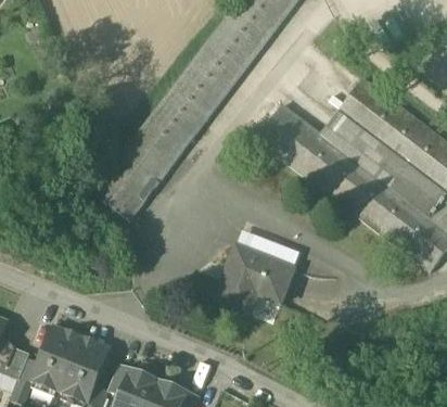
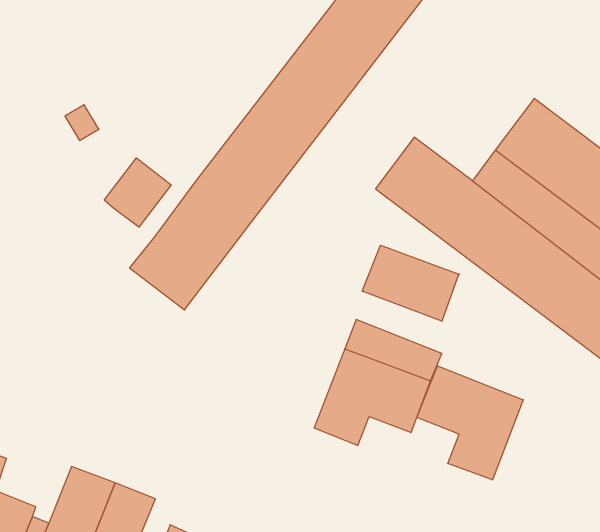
building: none -> [104,158,171,227]
building: none -> [362,245,459,321]
building: none -> [417,366,523,480]

